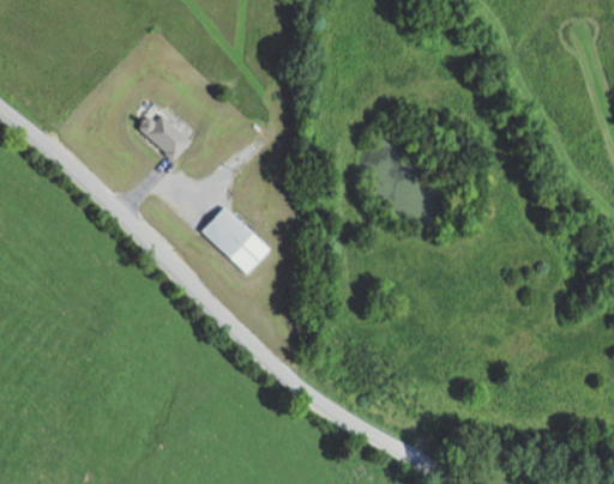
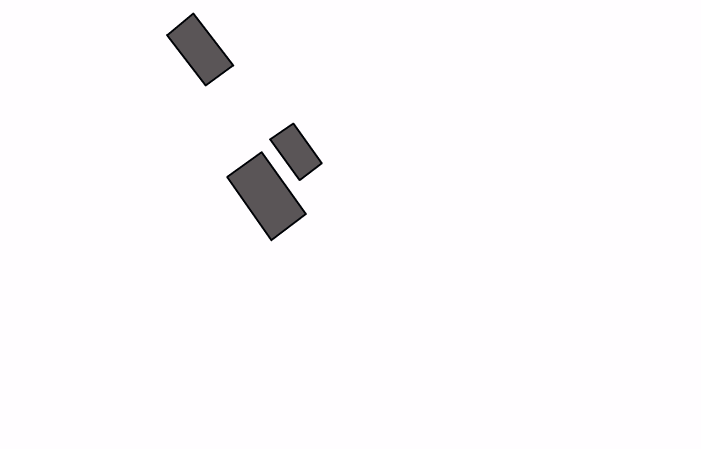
building: none -> [270,124,322,180]

